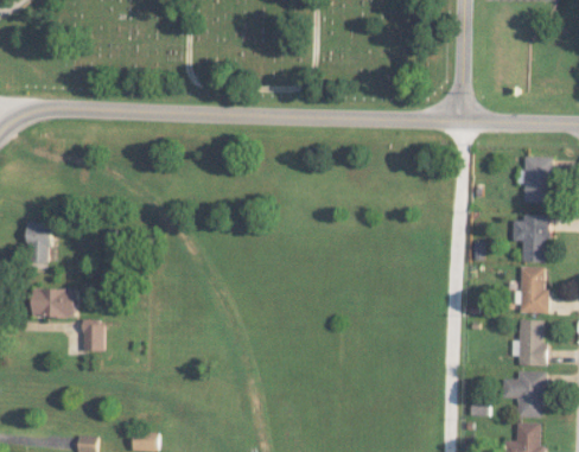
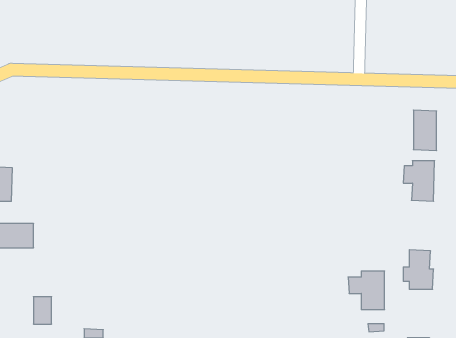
building: [520,266,547,313] -> none
building: [83,319,104,351] -> [33,297,52,324]
building: [502,371,545,416] -> [348,271,385,310]

